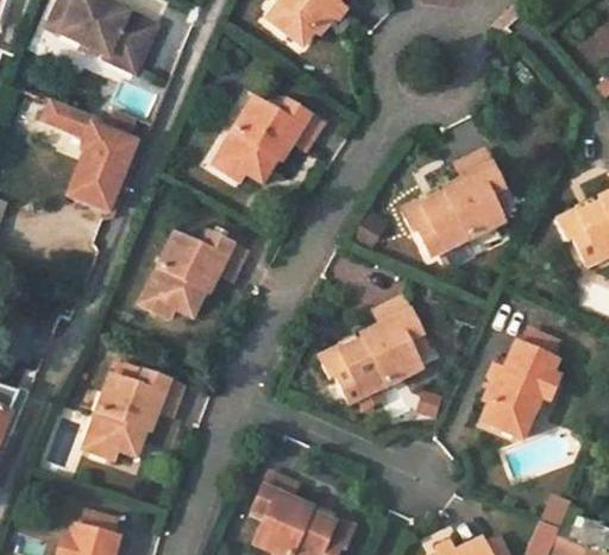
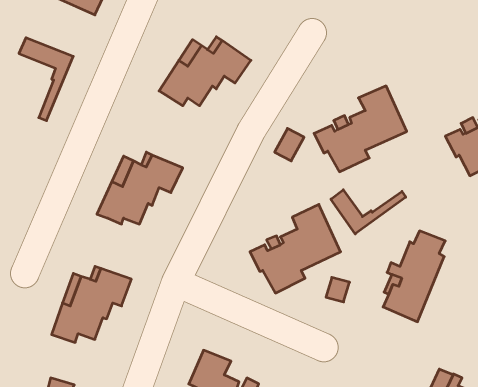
building: [76,108,136,210] -> none
building: none -> [331,190,406,234]

